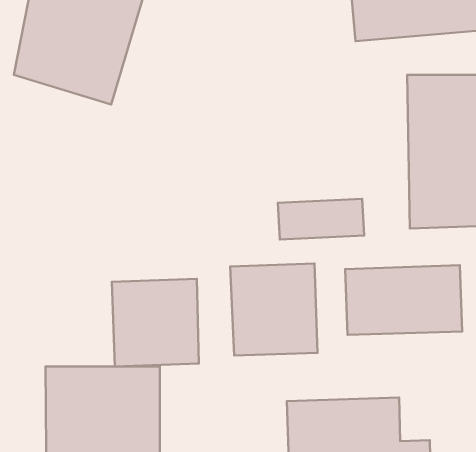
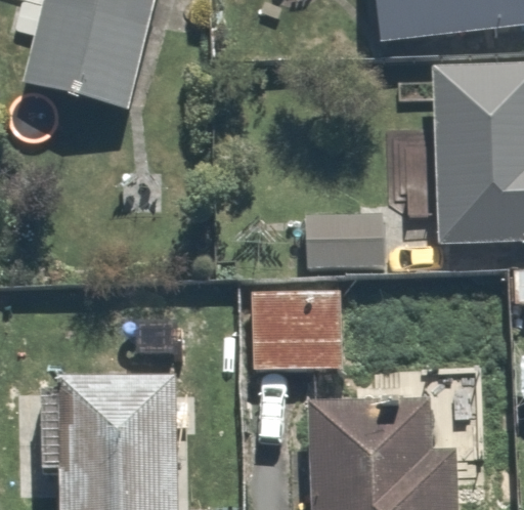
building: [345,265,462,335] -> none
building: [112,279,199,367] -> none

